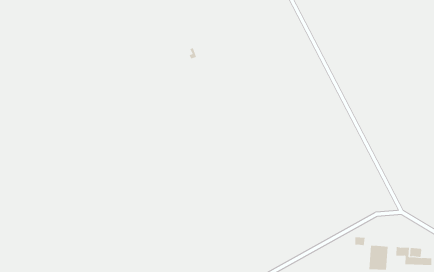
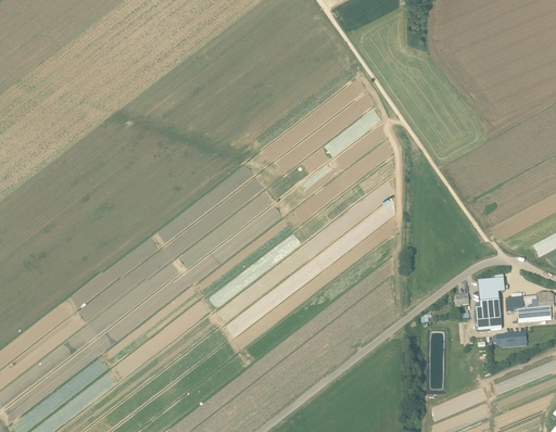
building: none -> [478,279,505,302]

